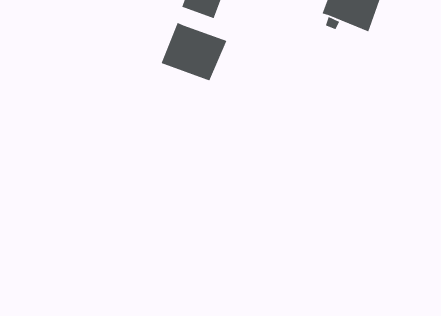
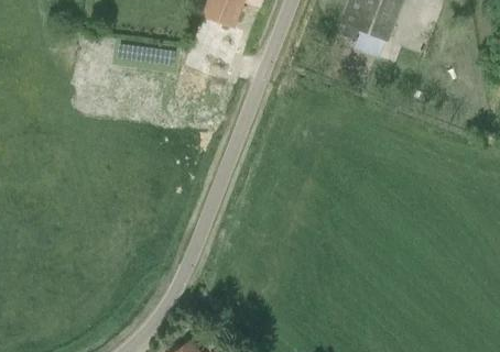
building: [161,22,227,81] -> none

